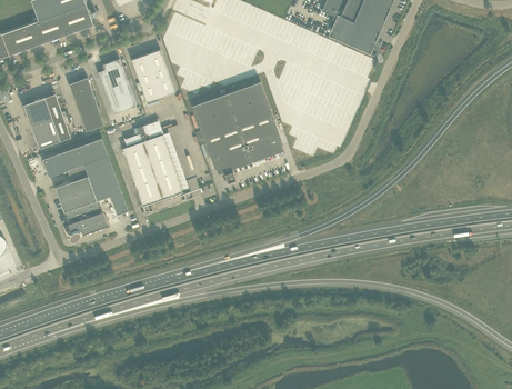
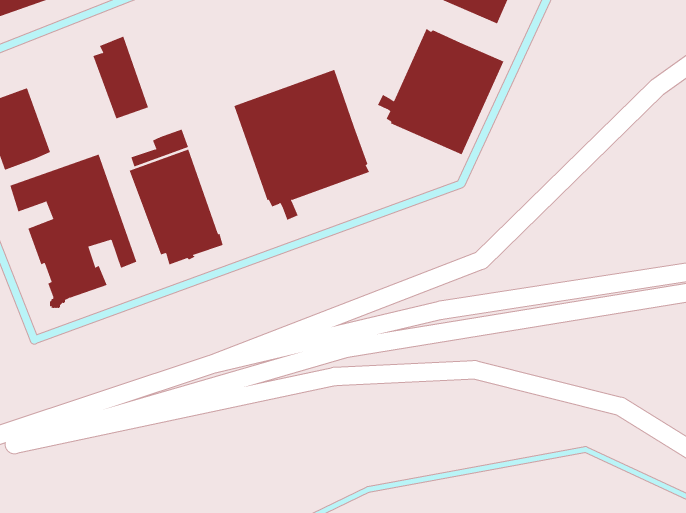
building: [131,51,175,103] -> none
building: none -> [377,28,504,155]
building: [69,79,104,133] -> none

